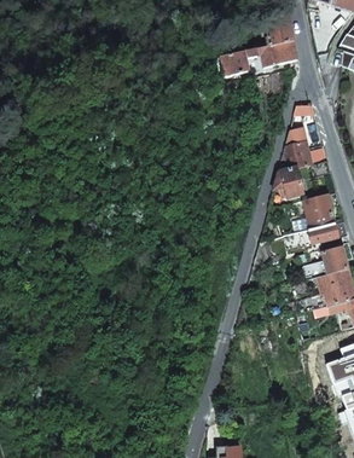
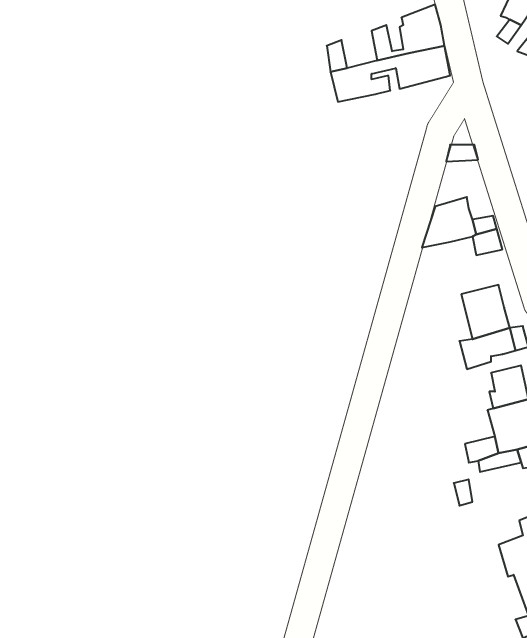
building: [274,167,303,196] -> none

